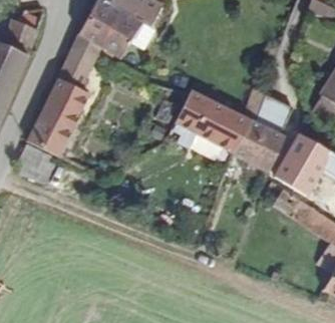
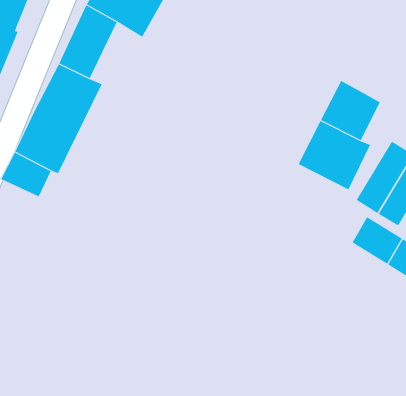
building: [176,89,249,150] -> none

